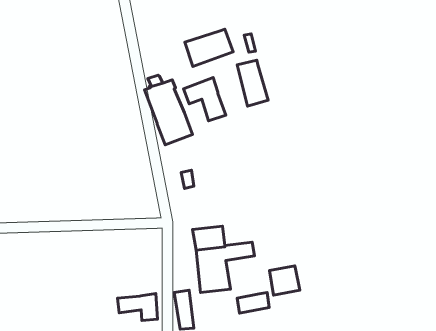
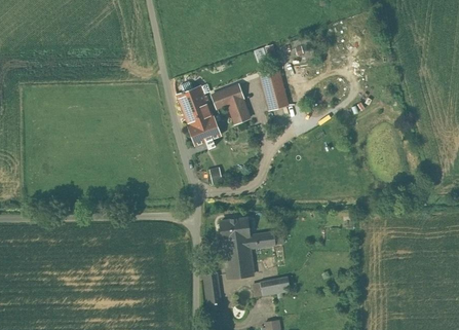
building: [185,29,233,66] -> none
building: [270,266,300,295] -> none
building: [117,294,157,321] -> none

